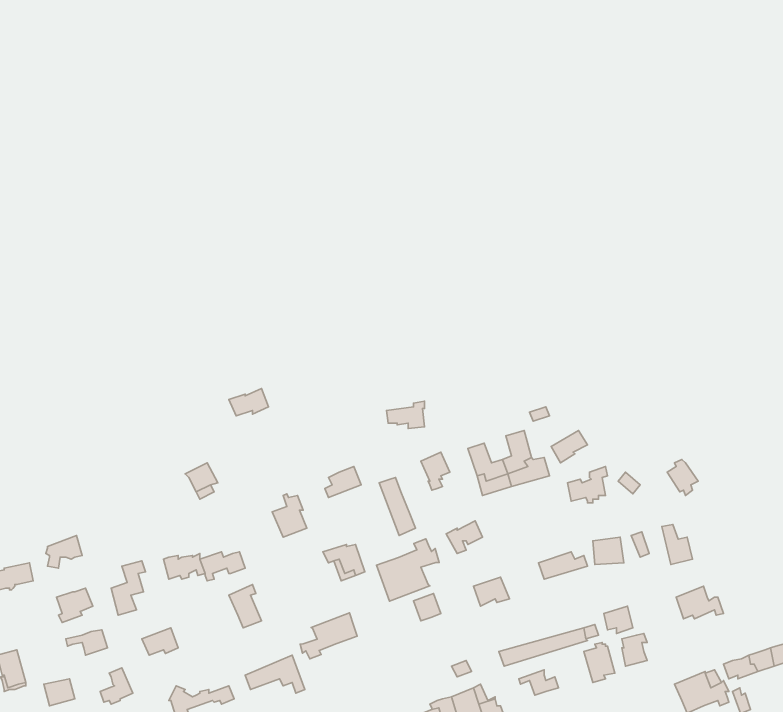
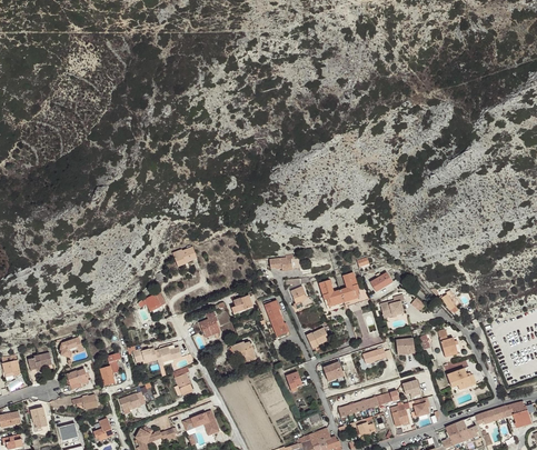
building: [377,539,439,601] -> none
building: [300,613,357,659] -> none

